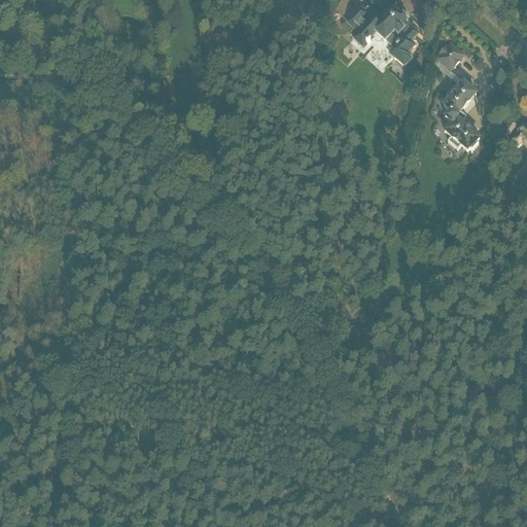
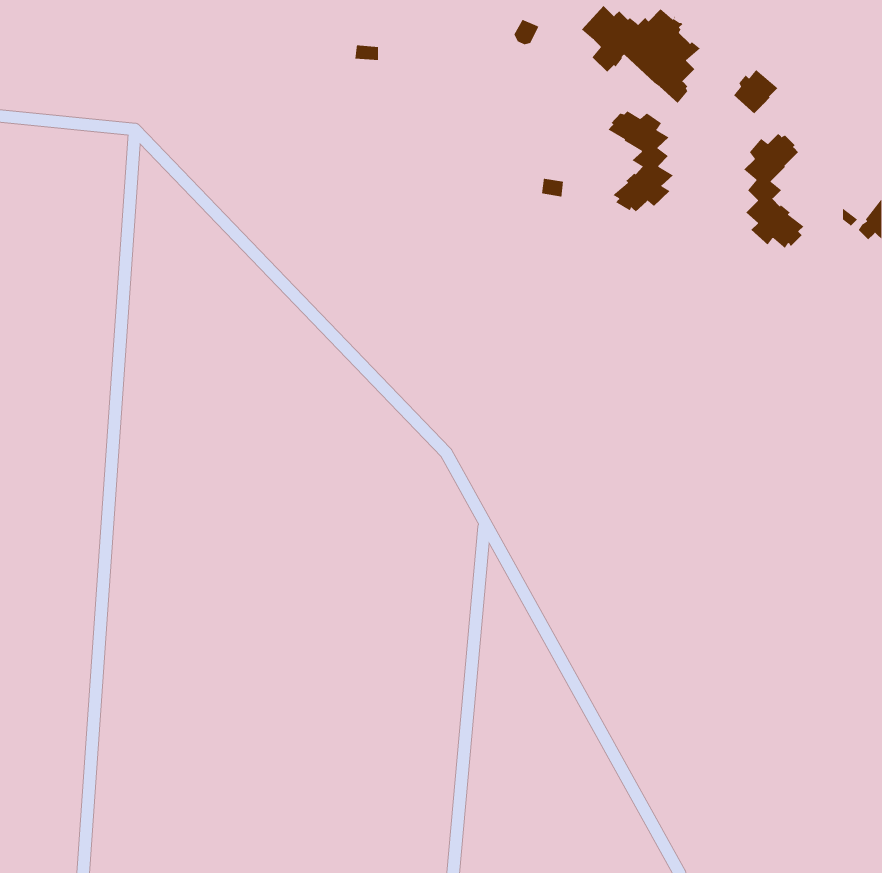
building: none -> [608,110,674,212]

